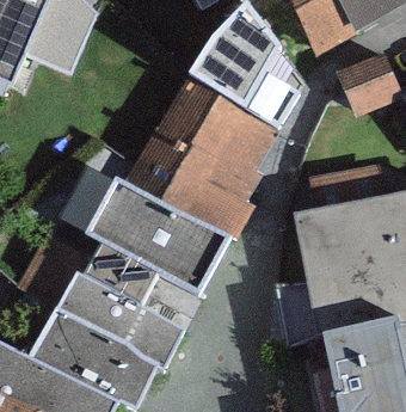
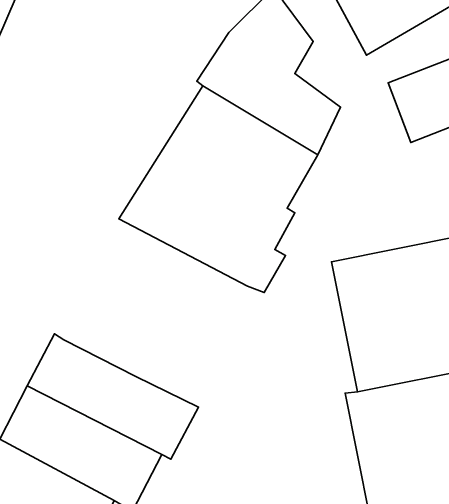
building: [82,174,226,303] -> none

